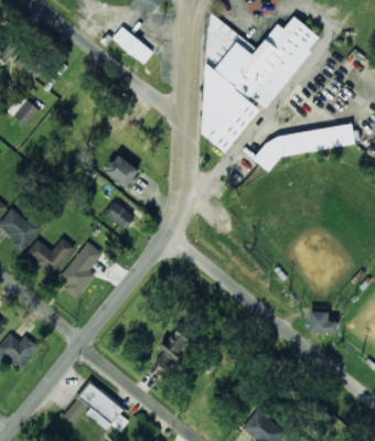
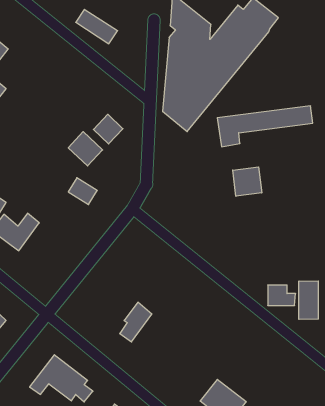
building: none -> [93,114,123,144]
building: none -> [233,167,262,196]
building: [61,243,106,297] -> none
building: none -> [299,281,318,319]

